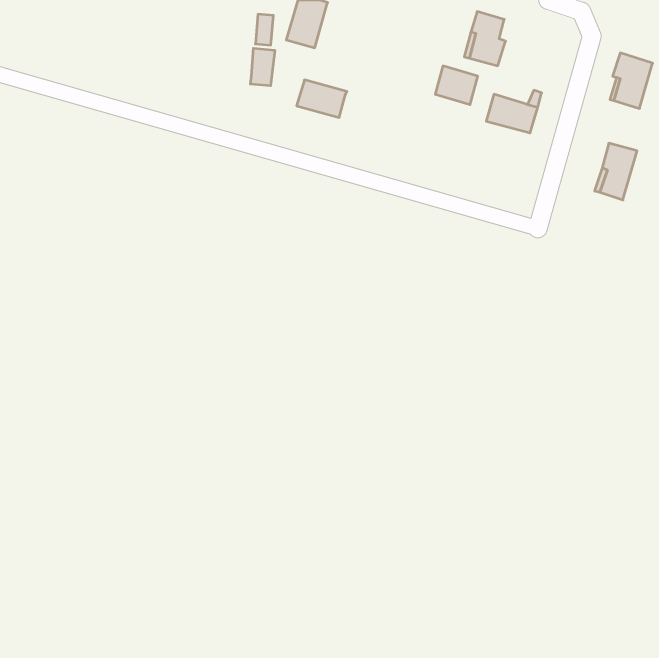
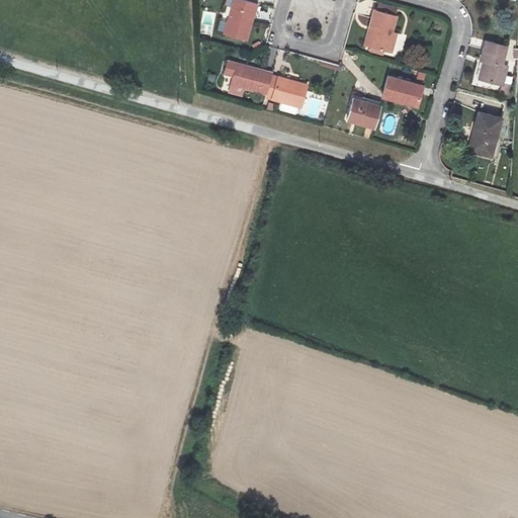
building: [250,48,275,86] -> none
building: [435,66,478,105] -> [346,97,379,127]
building: none -> [265,75,307,106]

